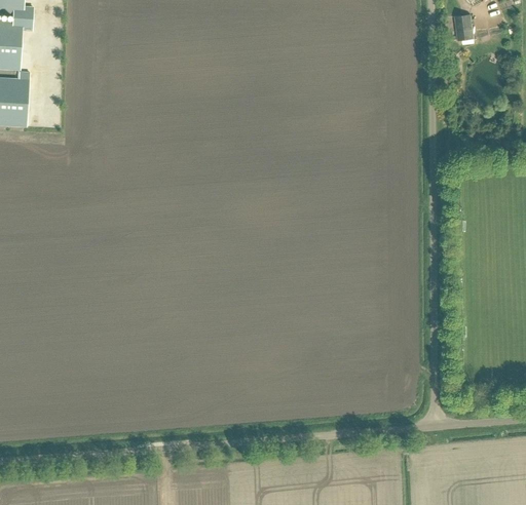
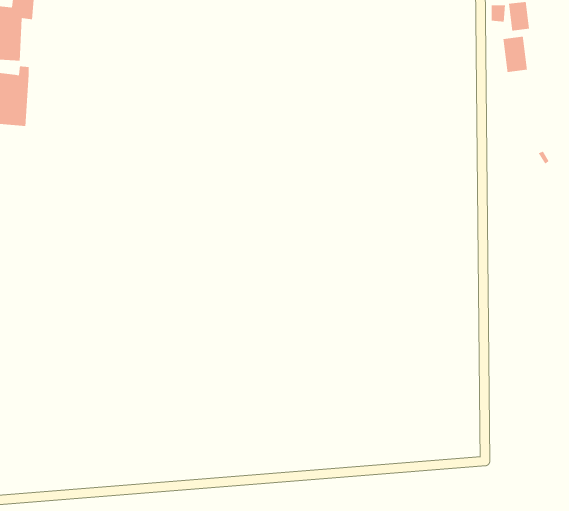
building: none -> [503,36,527,73]

